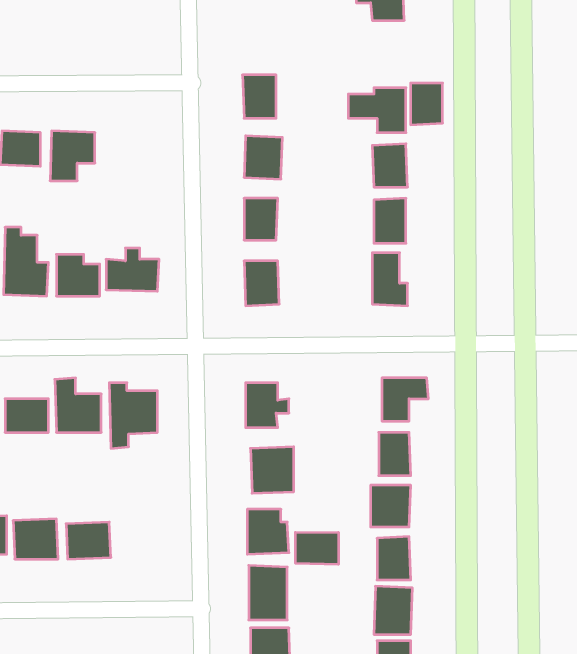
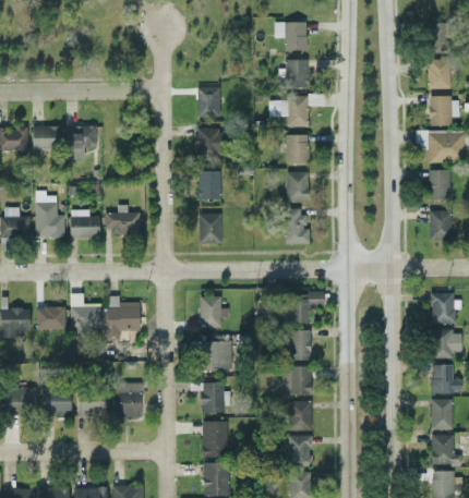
building: [411,83,443,125] -> [286,60,308,88]
building: none -> [113,382,143,417]
building: [295,532,338,564] -> none

